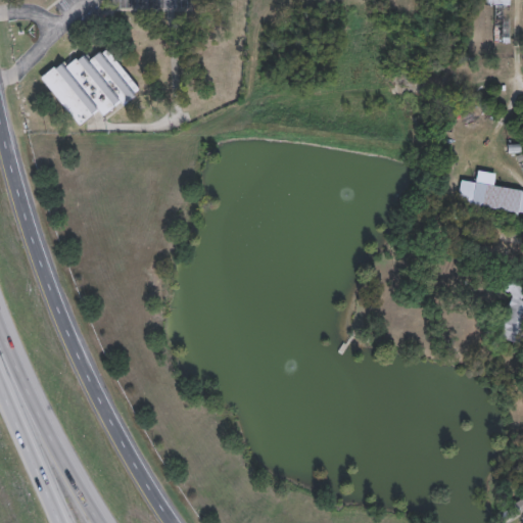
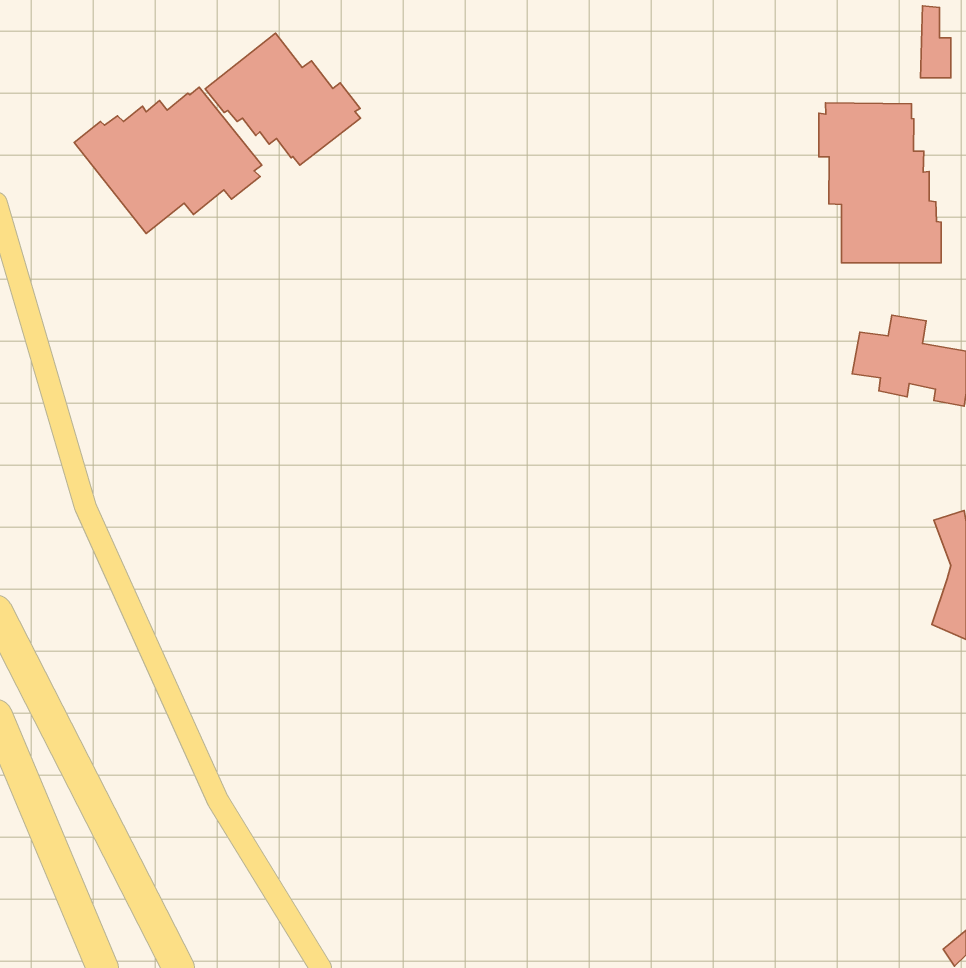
building: none -> [205,33,360,165]
building: none -> [819,103,941,263]

